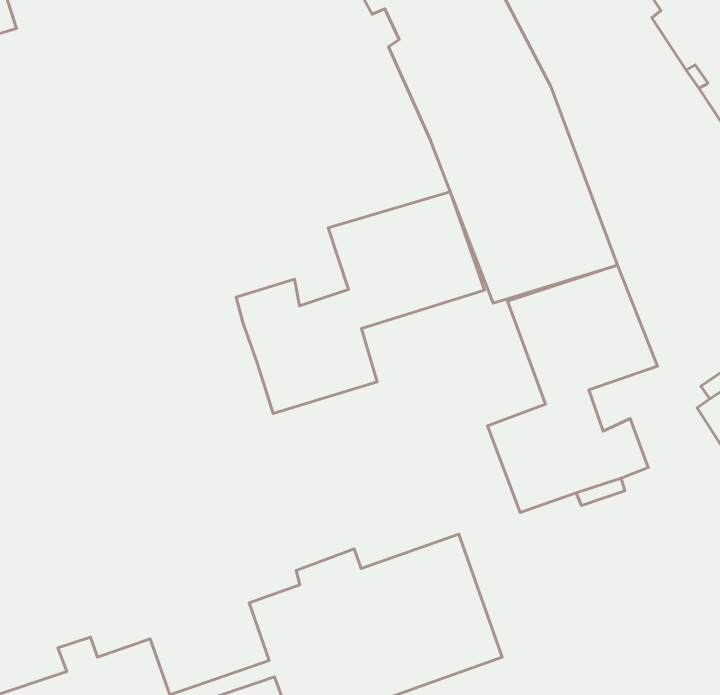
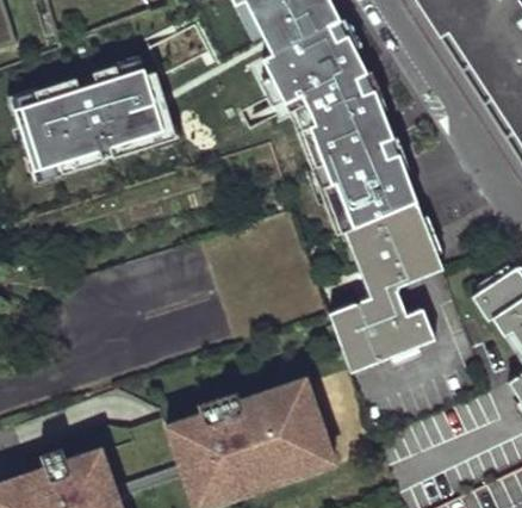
building: none -> [19,66,161,166]
building: [236,192,485,414] -> none

